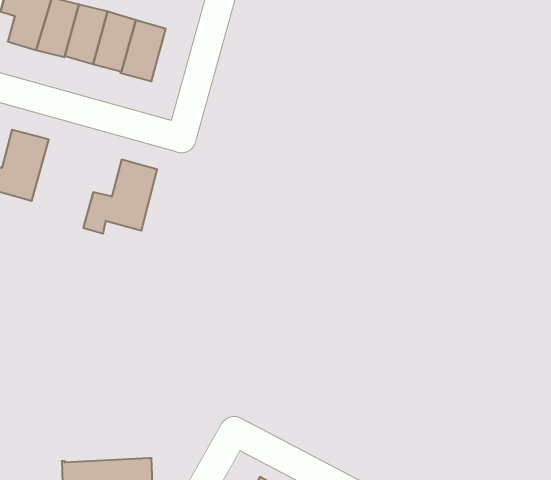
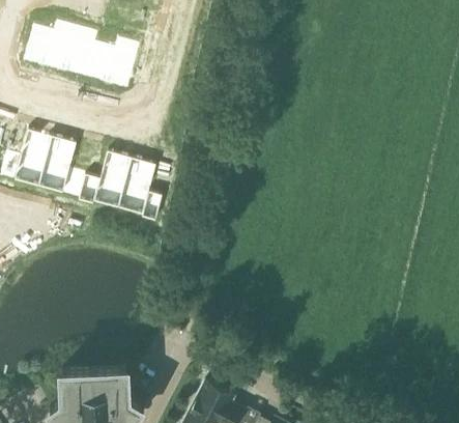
building: none -> [38,136,83,200]
building: none -> [118,158,163,223]

